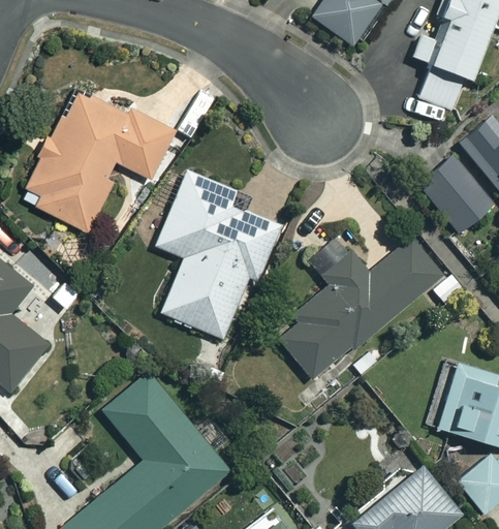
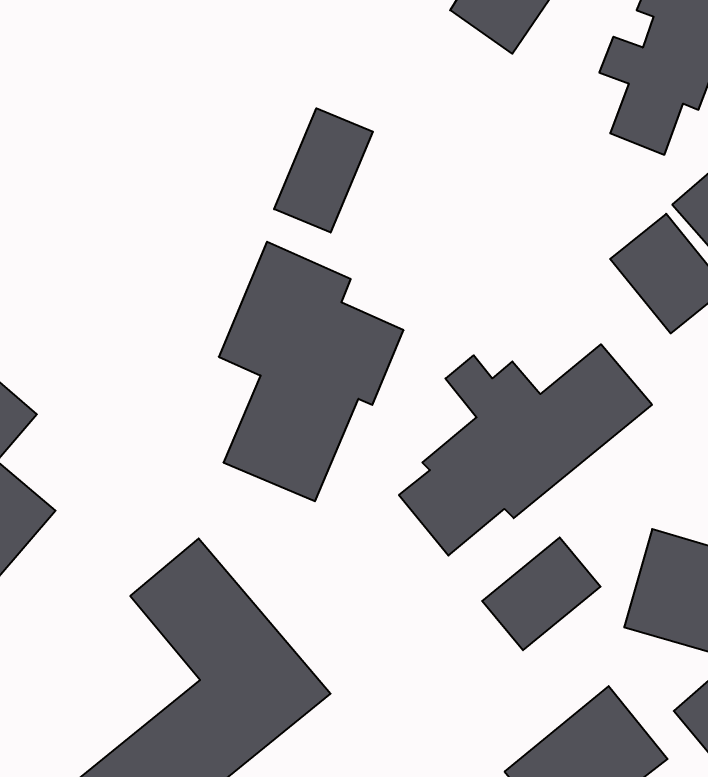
building: none -> [274,108,373,233]
building: [21,89,174,231] -> none
building: none -> [482,537,601,650]

